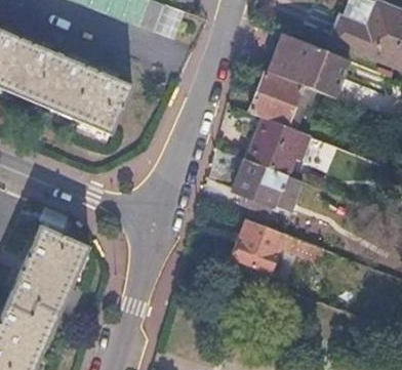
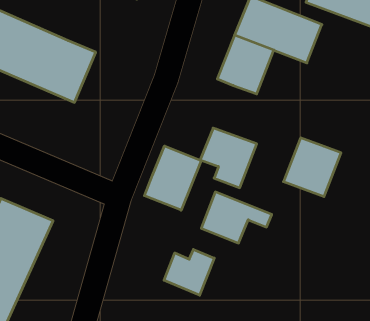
building: [247,119,303,175] -> [283,138,341,197]
building: none -> [144,146,201,210]
building: none -> [164,249,214,295]

